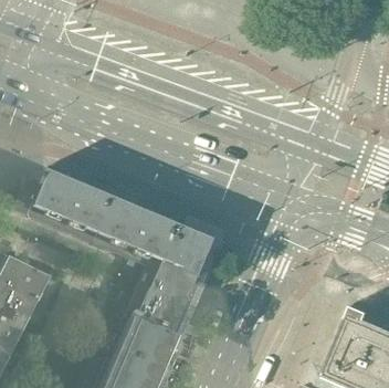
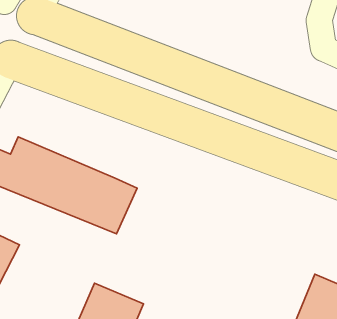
building: [128,219,219,336] -> none

